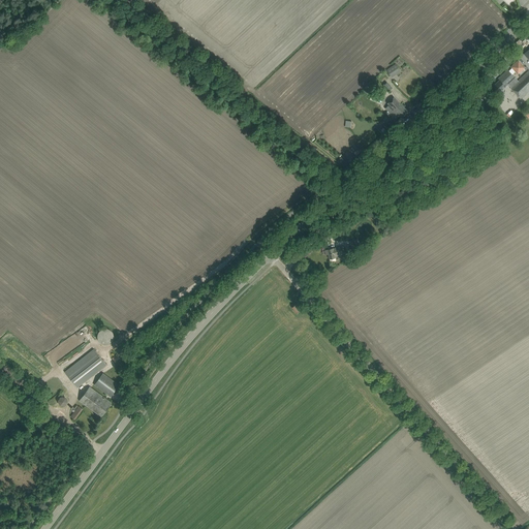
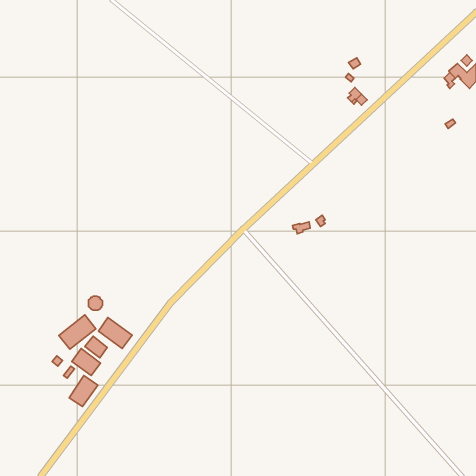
building: none -> [99,318,132,349]
building: none -> [69,375,98,407]

